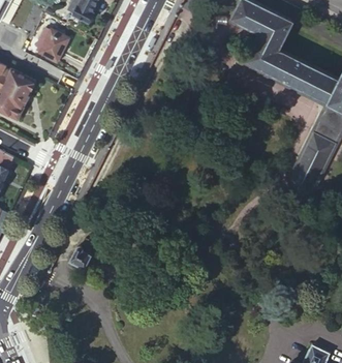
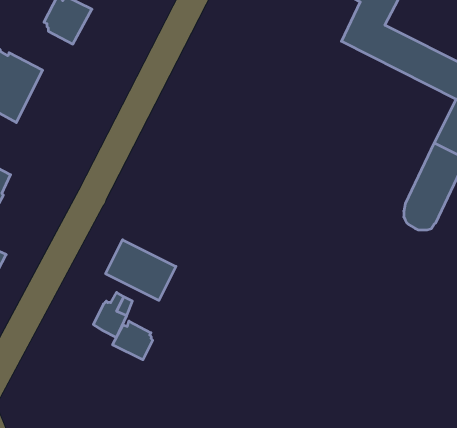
building: none -> [106,240,176,300]
building: none -> [113,321,153,360]

